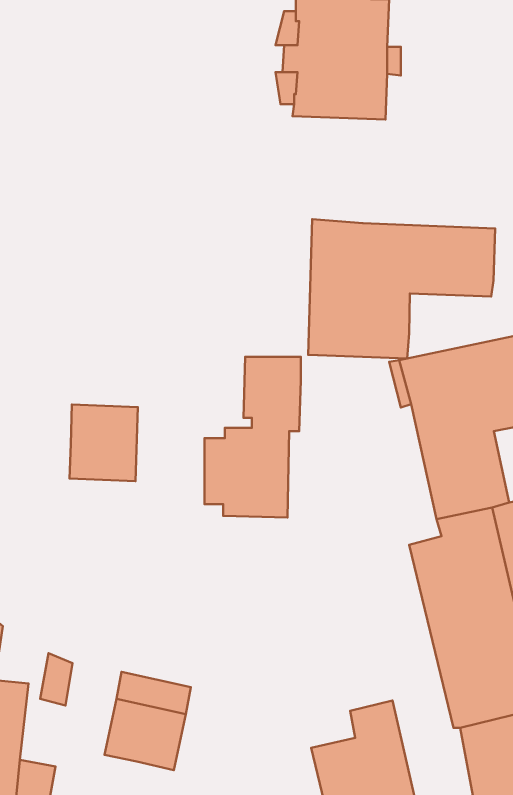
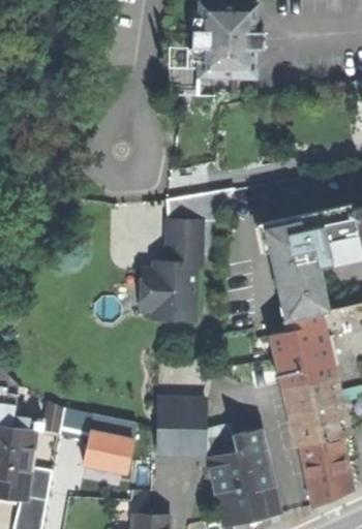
building: [308,219,495,358] -> none
building: [69,405,138,481] -> none
building: none -> [158,398,205,455]

